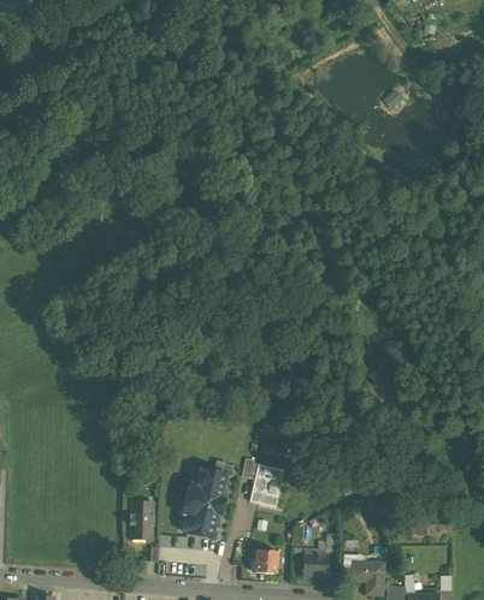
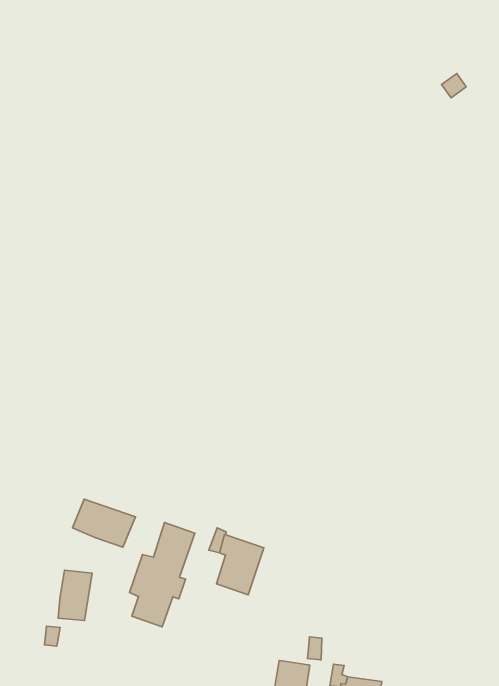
building: none -> [72,499,135,547]
building: [252,549,279,572] -> none

